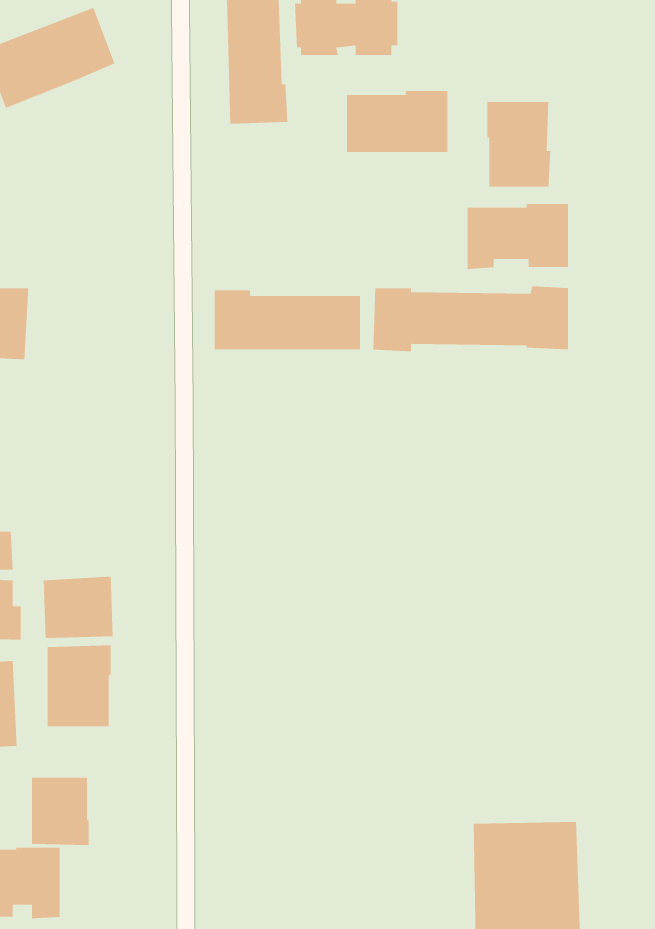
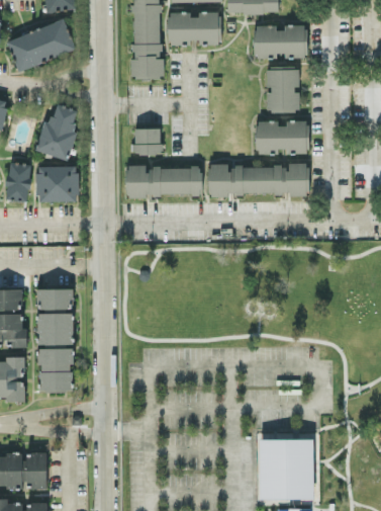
building: [346,90,448,153] -> [254,25,306,58]
building: none -> [35,104,78,161]
building: none -> [132,129,162,154]
building: none -> [36,166,78,202]
building: none -> [36,289,73,310]
building: [31,777,89,846] -> none

